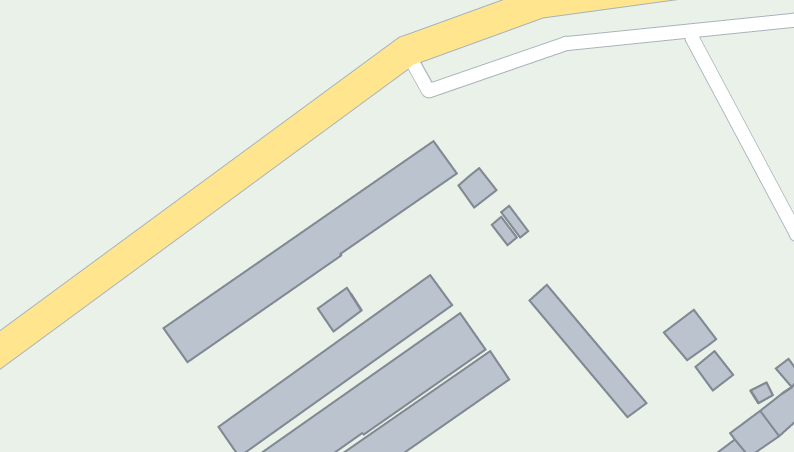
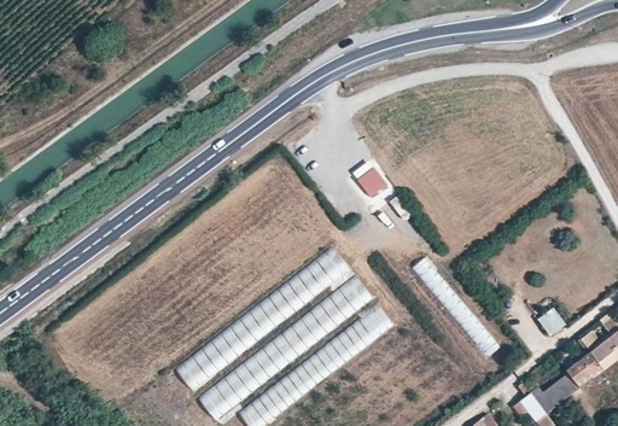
building: [164,141,457,362] -> none
building: [318,288,361,332] -> none
building: [664,310,716,360] -> none

